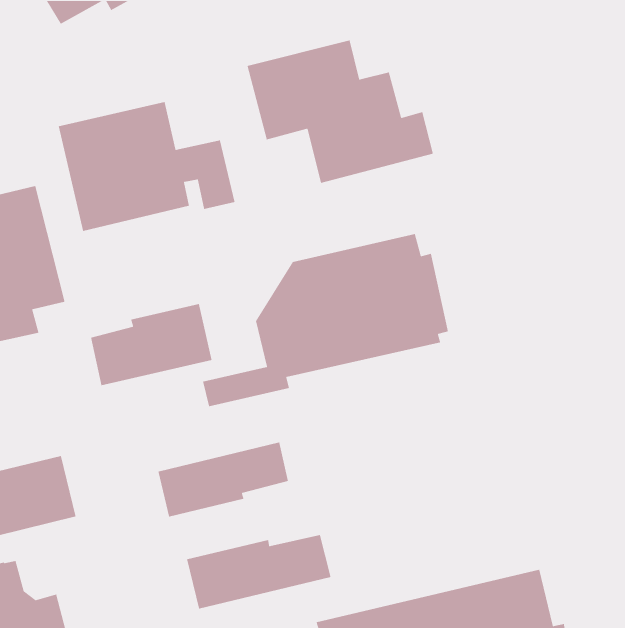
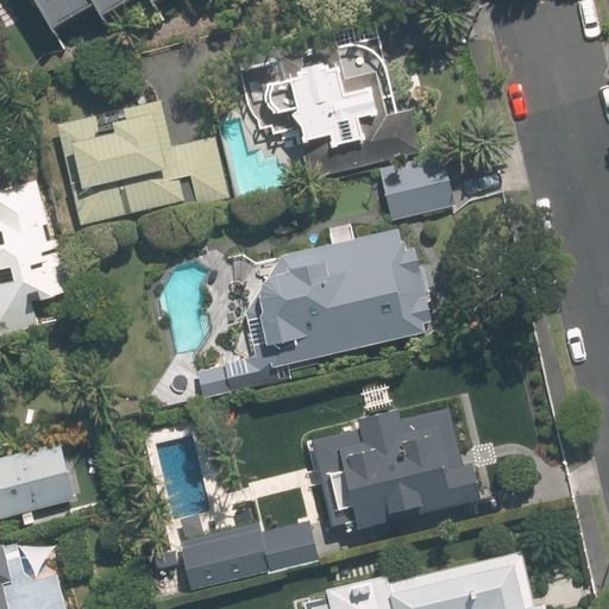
building: none -> [379,156,453,220]
building: [90,303,212,386] -> none
building: none -> [314,407,482,533]
building: [158,442,289,517] -> none

